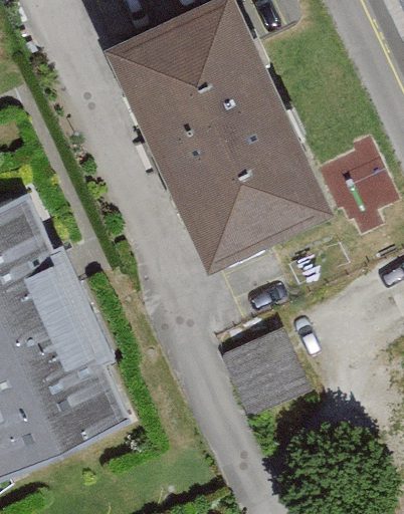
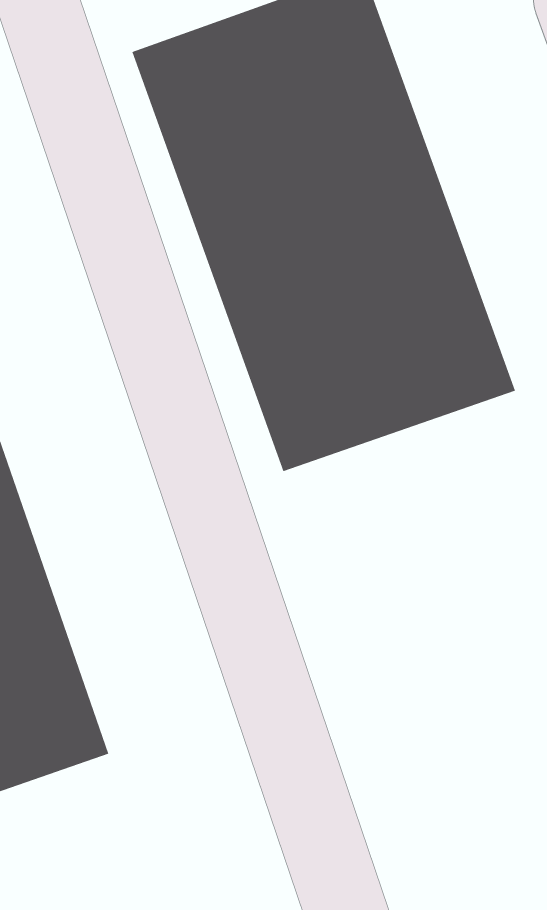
building: [232,339,313,420] -> none

